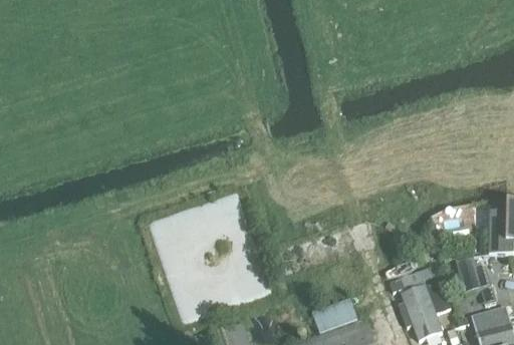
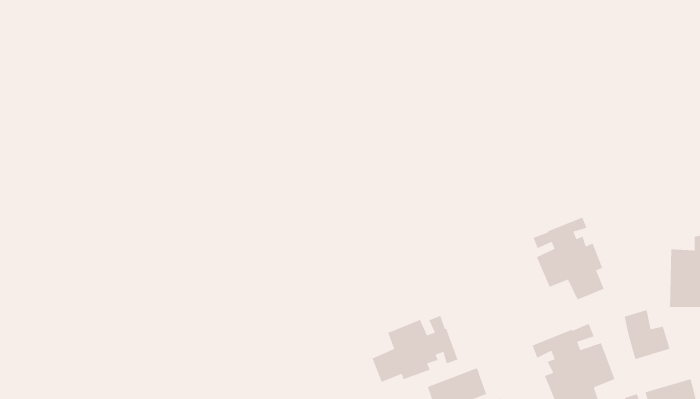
building: none -> [532,216,605,301]
building: none -> [372,315,459,383]

